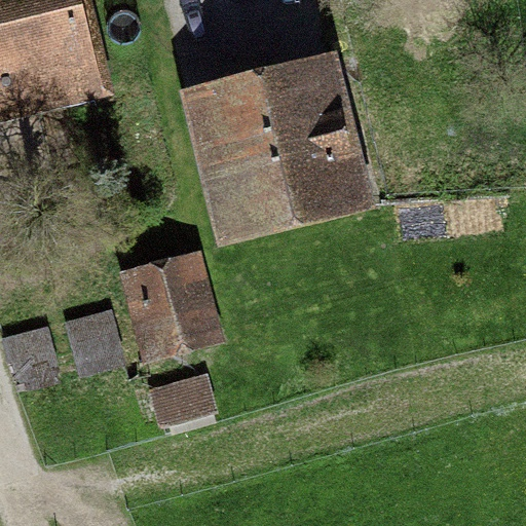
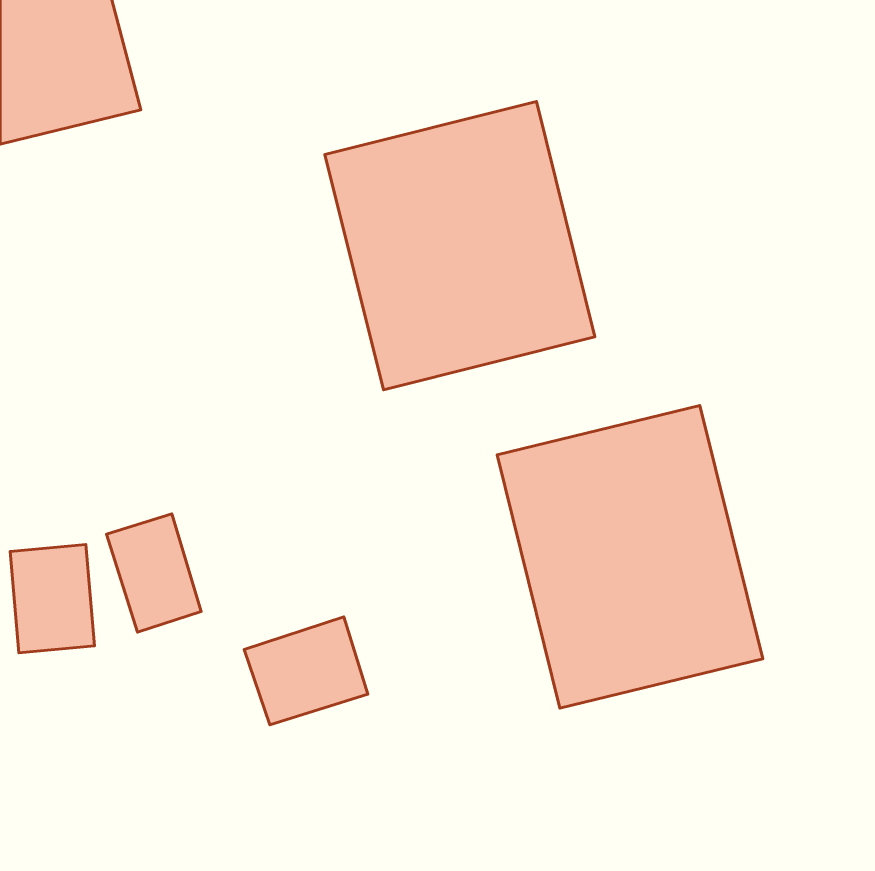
building: none -> [497,405,763,708]
building: [130,263,205,347] -> none

